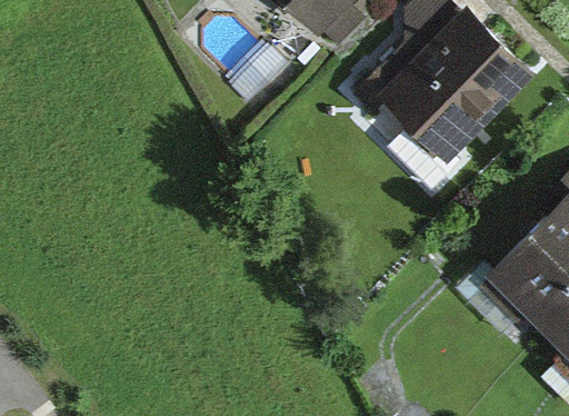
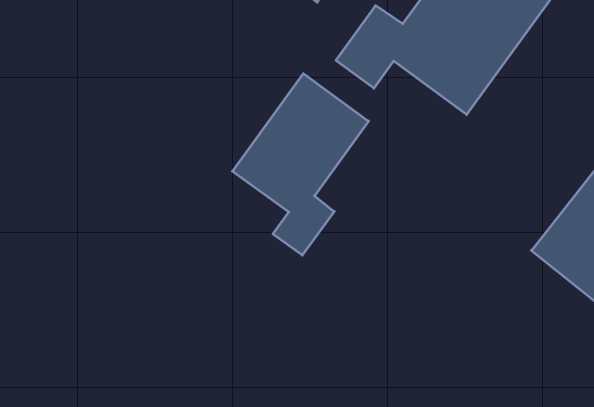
building: none -> [232,74,369,255]

